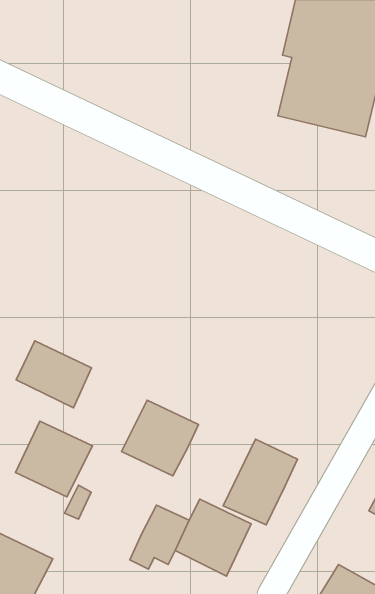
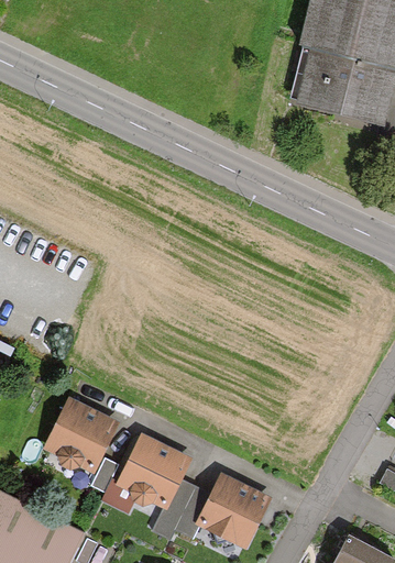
building: [16,341,91,408] -> none
building: [122,400,199,476] -> [116,433,188,505]
building: [223,439,297,525] -> none

